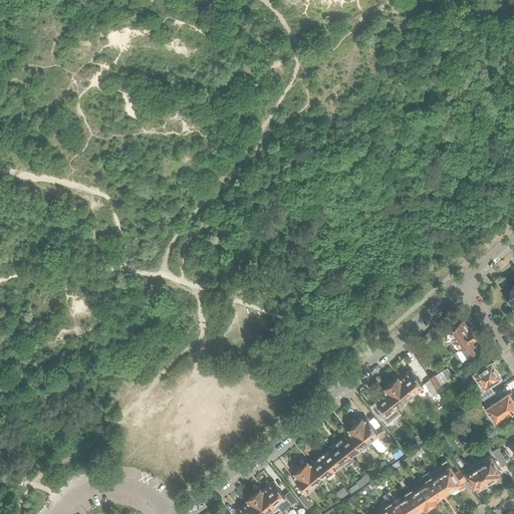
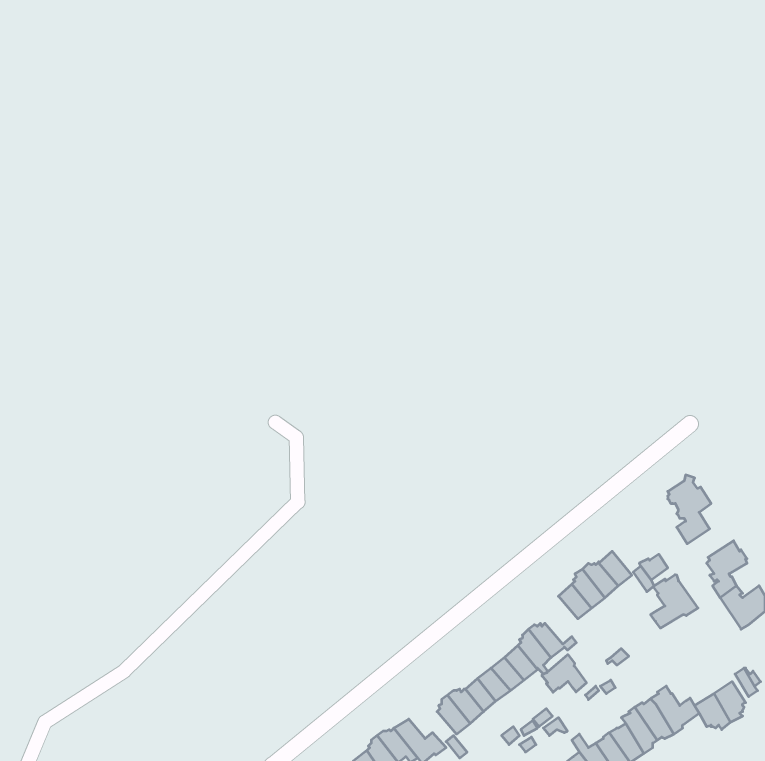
building: none -> [651,575,698,628]
building: none -> [542,655,586,692]

